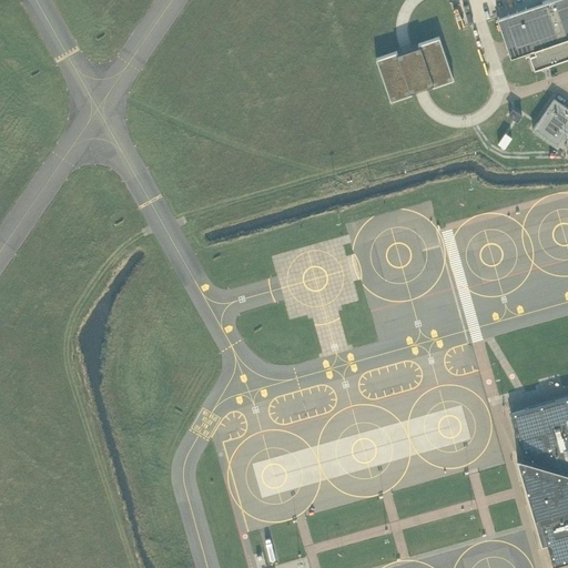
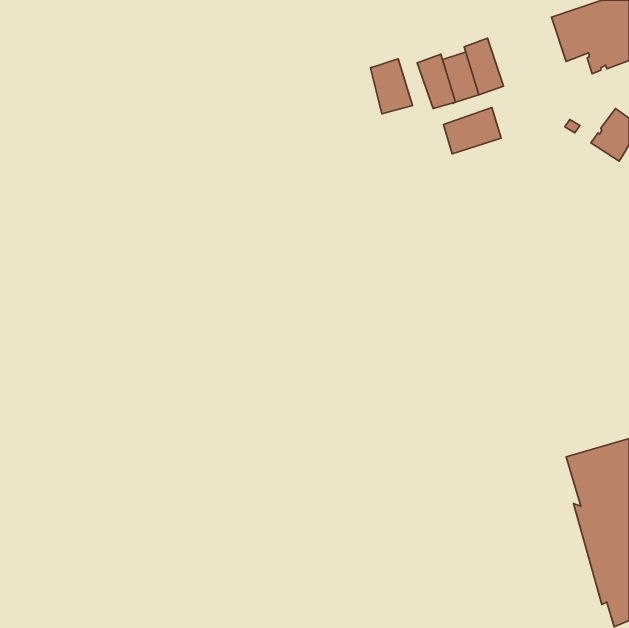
building: none -> [370,59,413,114]
building: none -> [444,108,501,154]

